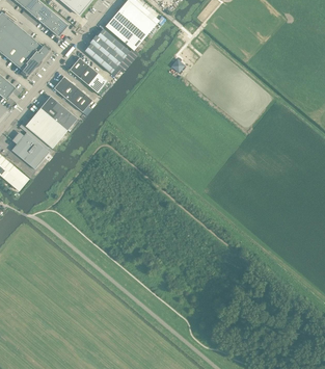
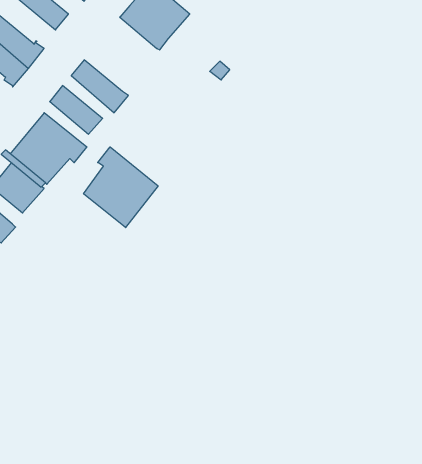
building: [83,28,137,78] -> none
building: none -> [84,147,158,228]

